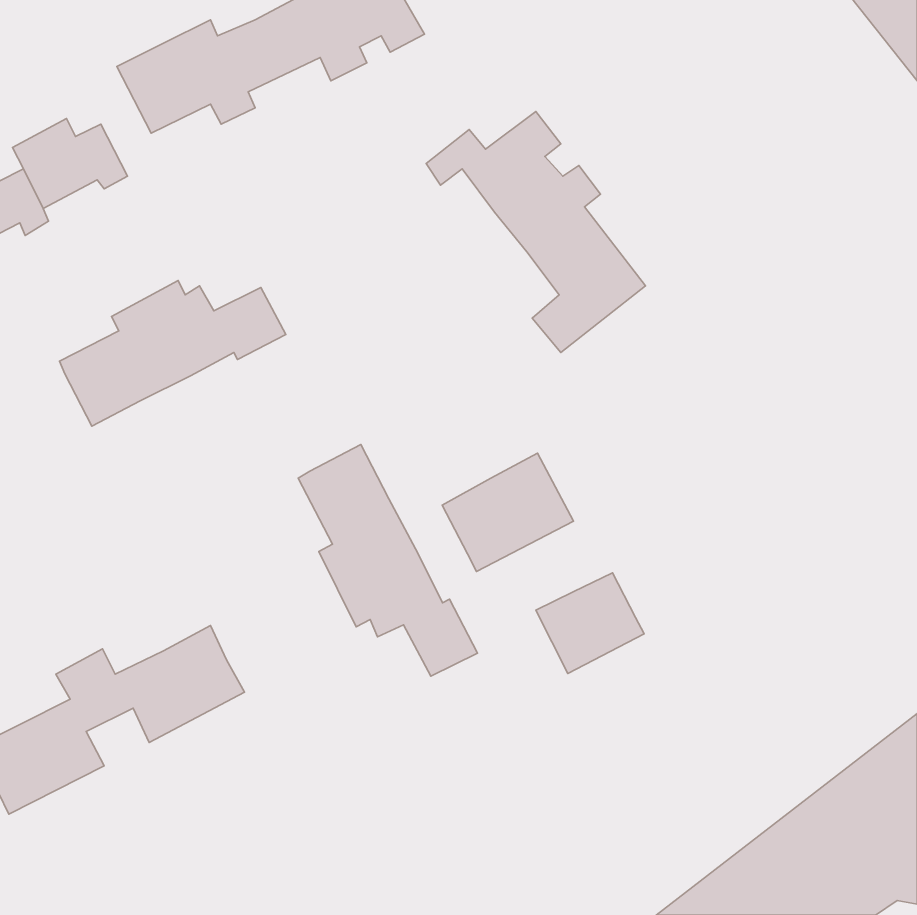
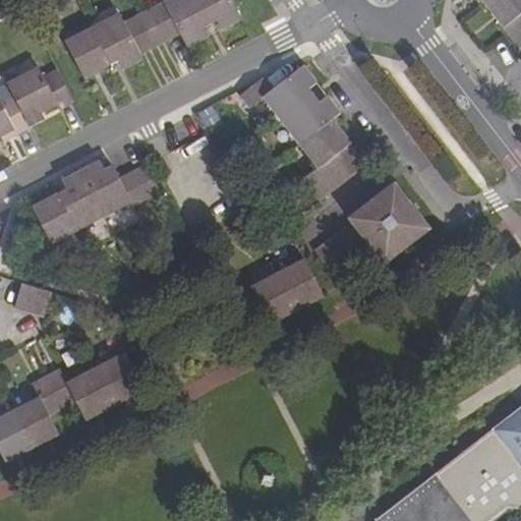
building: none -> [313,181,431,271]
building: [298,445,477,676] -> none
building: none -> [14,281,53,316]
building: [536,573,644,673] -> none

